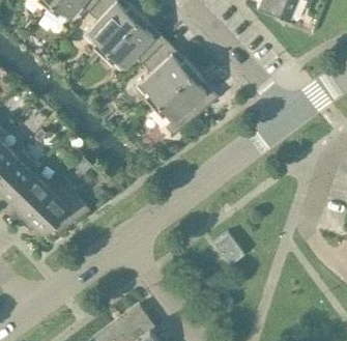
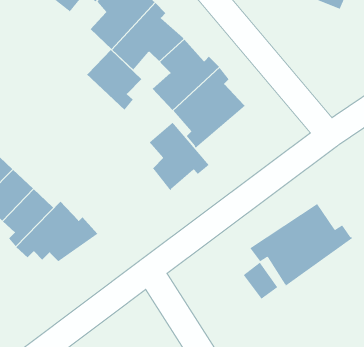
building: none -> [80,49,142,111]
building: none -> [149,122,210,191]
building: none -> [249,203,353,286]

